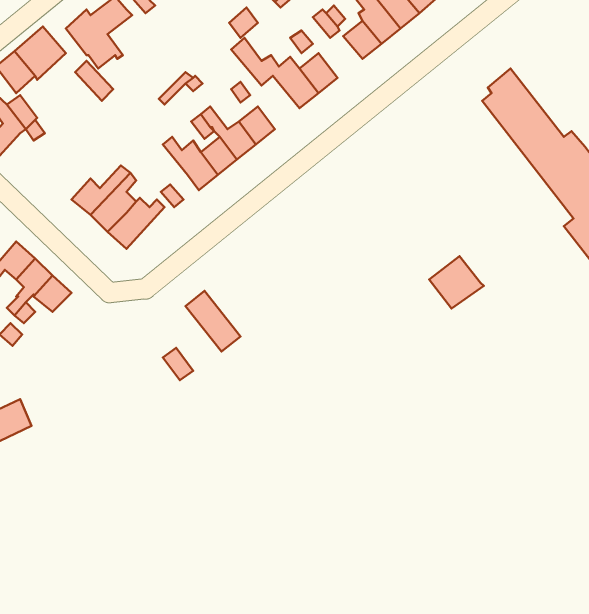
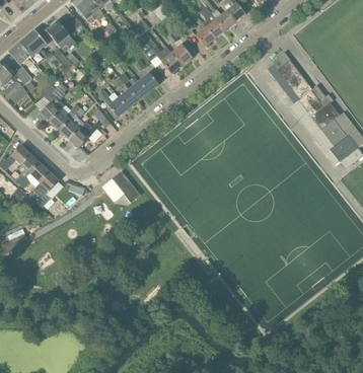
building: none -> [40,82,66,122]
building: [429,256,484,309] -> none
building: none -> [31,171,58,206]

